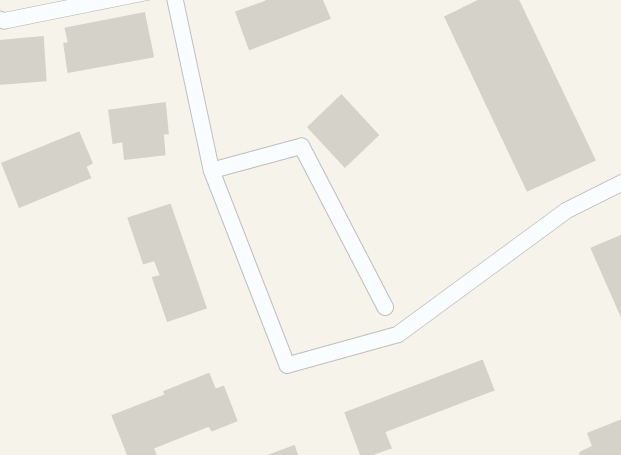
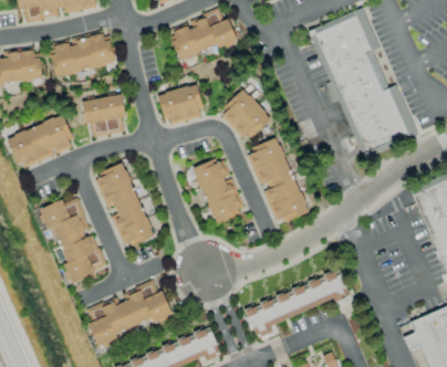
building: none -> [158,84,204,124]
building: none -> [247,138,306,223]
building: none -> [194,158,242,223]
building: none -> [43,198,105,283]

